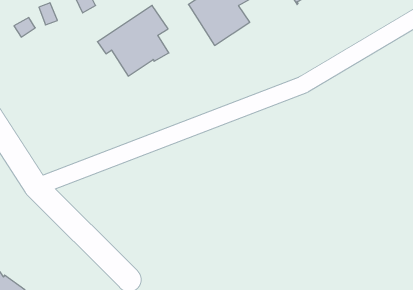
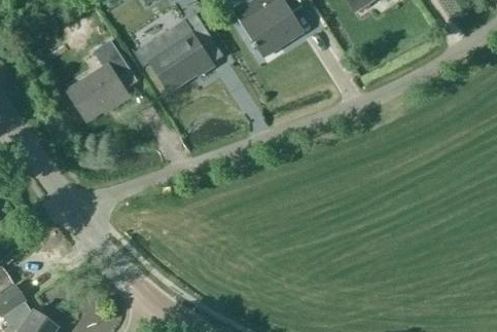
building: none -> [67,39,130,120]

